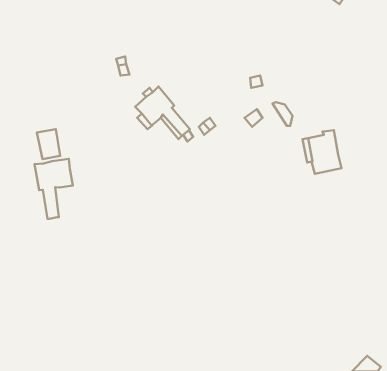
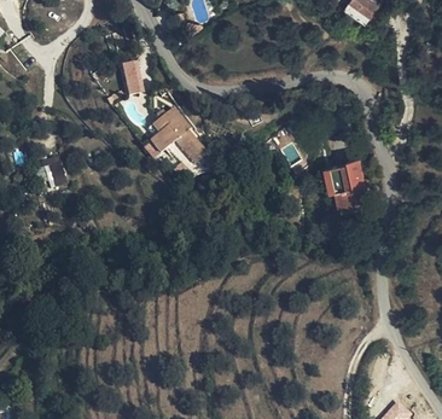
building: [35,159,73,219] -> none

